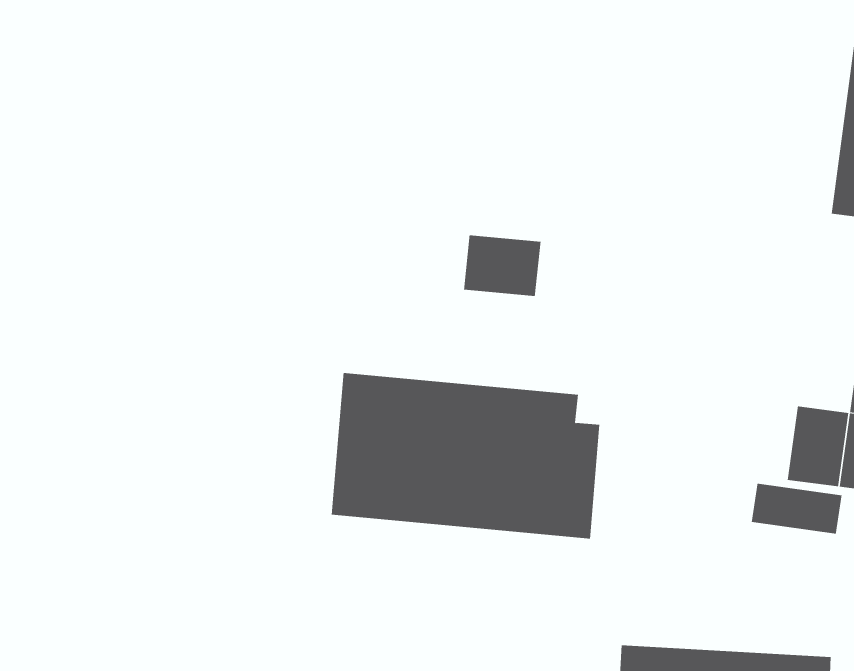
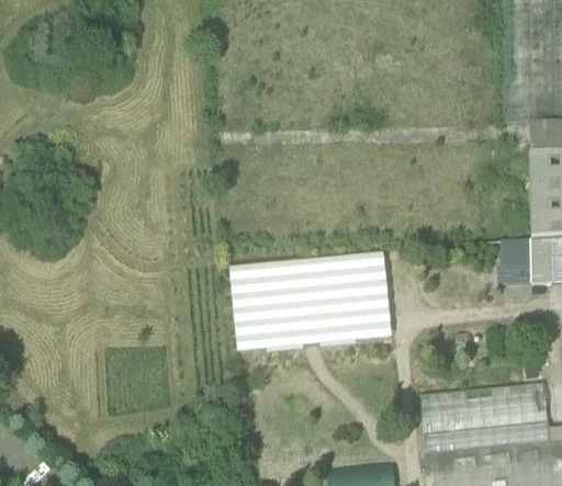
building: [463,234,541,297] -> none
building: [751,483,842,535] -> none

